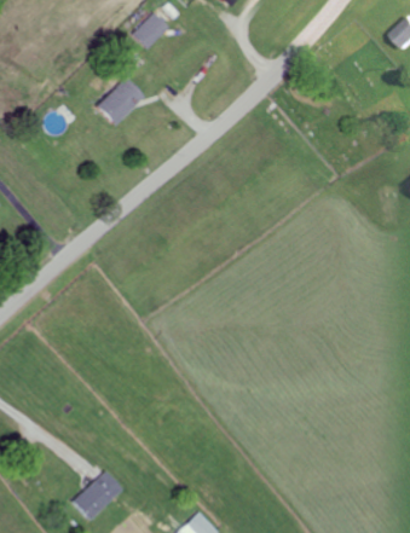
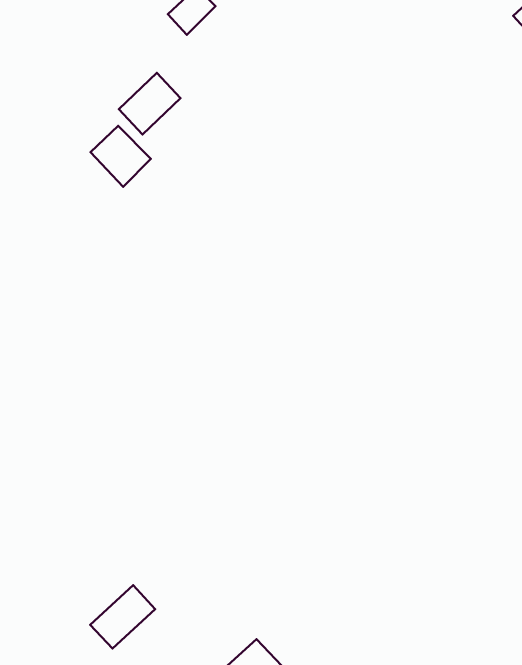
building: none -> [90,126,151,187]

